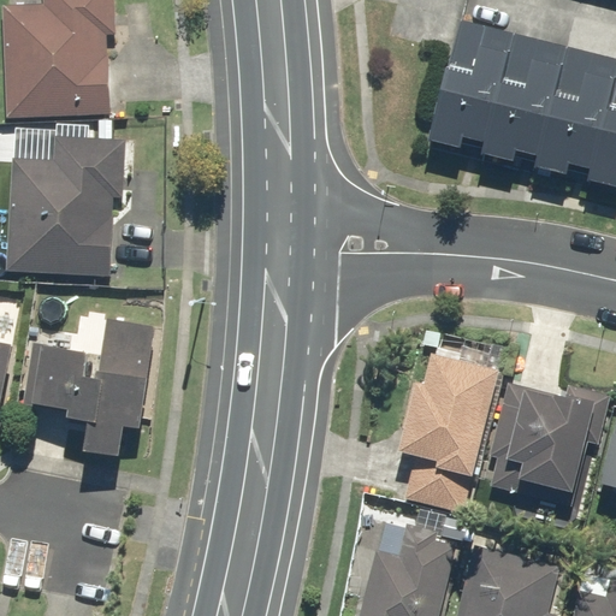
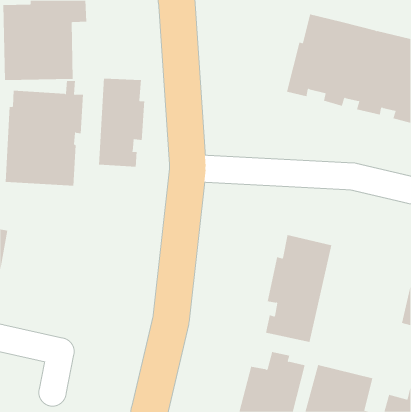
building: none -> [99,78,145,168]
building: [24,321,154,458] -> none
building: [487,380,593,505] -> none

